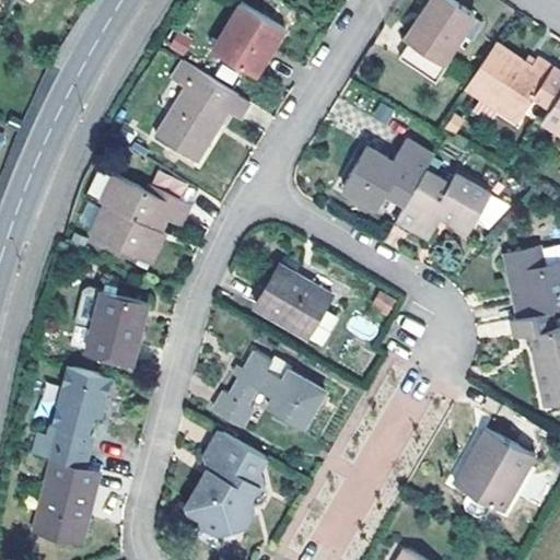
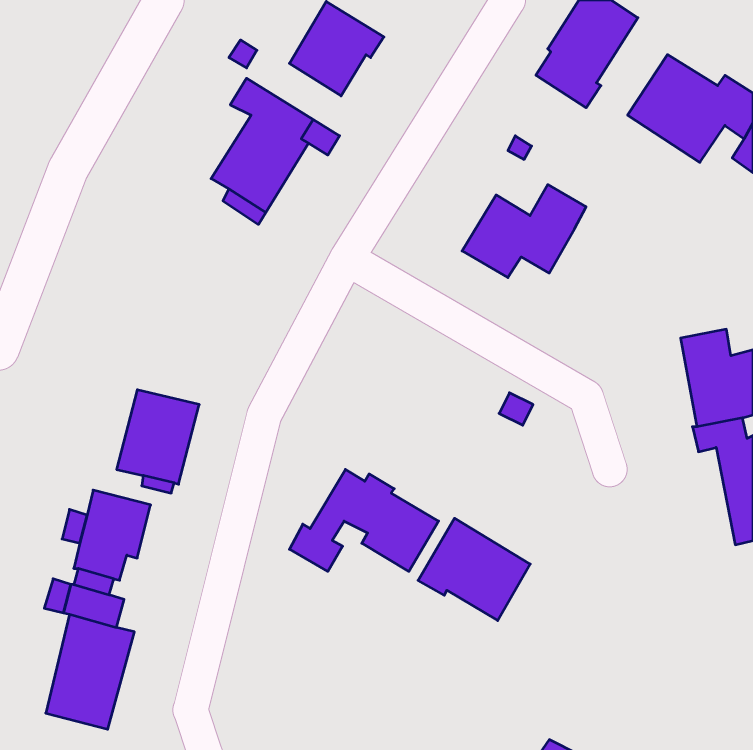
building: [397,173,489,240] -> none
building: [90,174,192,264] -> none
building: [255,266,337,345] -> none
building: none -> [418,518,530,621]
building: [455,429,535,520] -> none
building: [186,431,267,533] -> none

